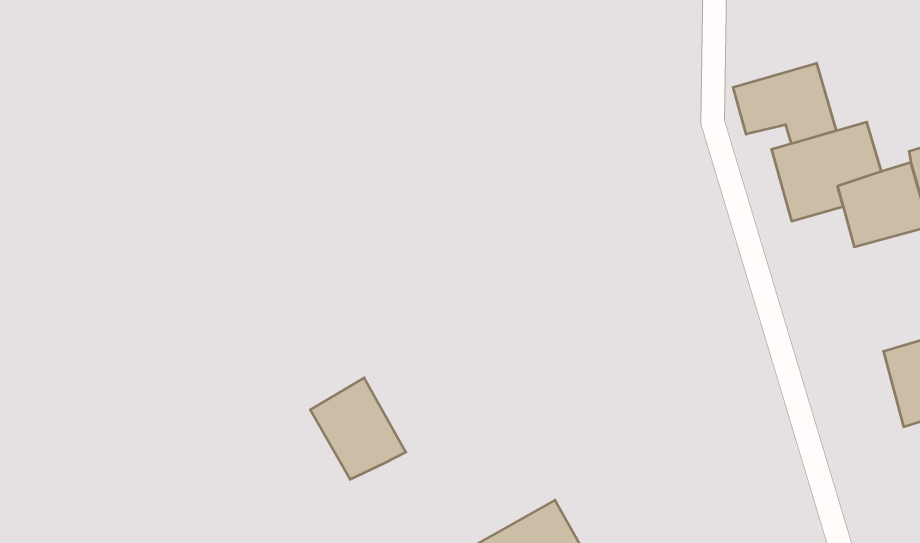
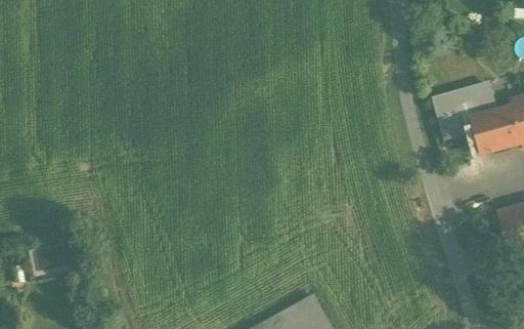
building: [733,63,836,144] -> none
building: [310,378,406,479] -> none

